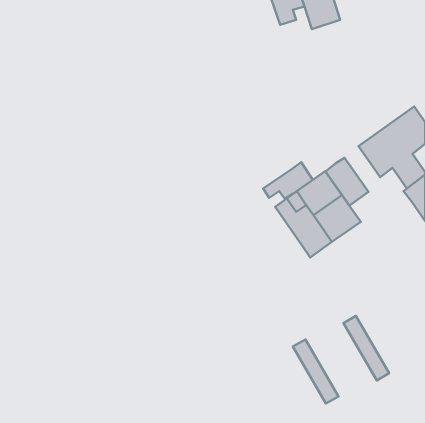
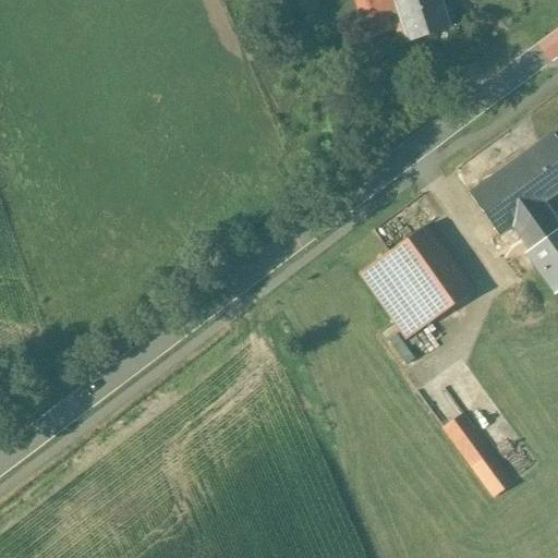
building: [325,158,368,206] -> none
building: [263,162,313,199] -> none
building: [293,340,338,403] -> none

